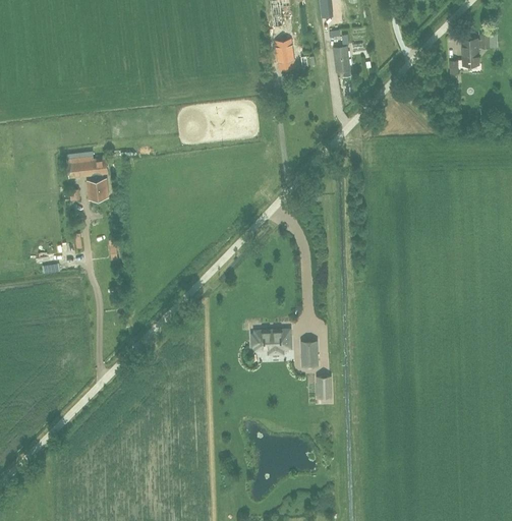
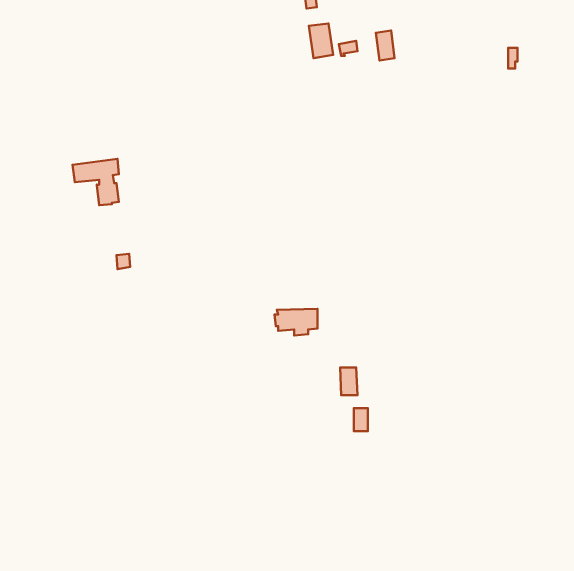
building: [461,34,490,63] -> none
building: [251,330,289,353] -> [275,309,317,335]

